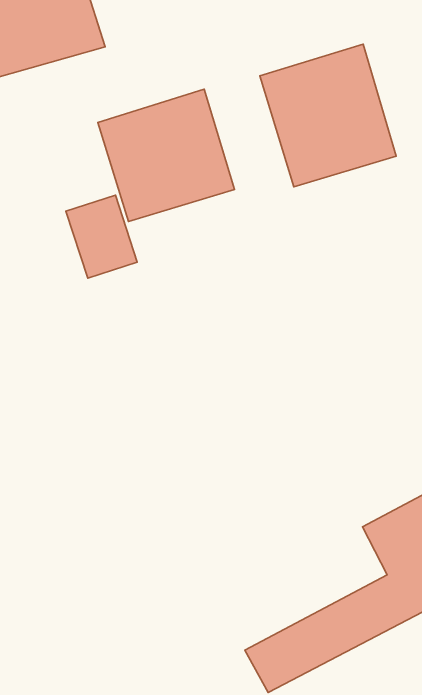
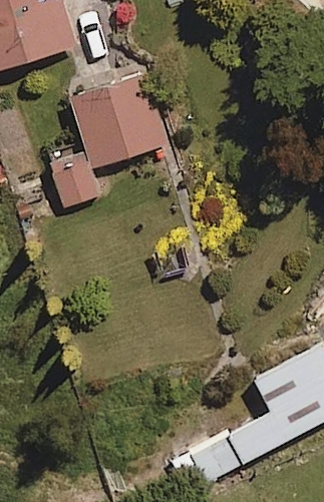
building: [260,44,396,187] -> none

